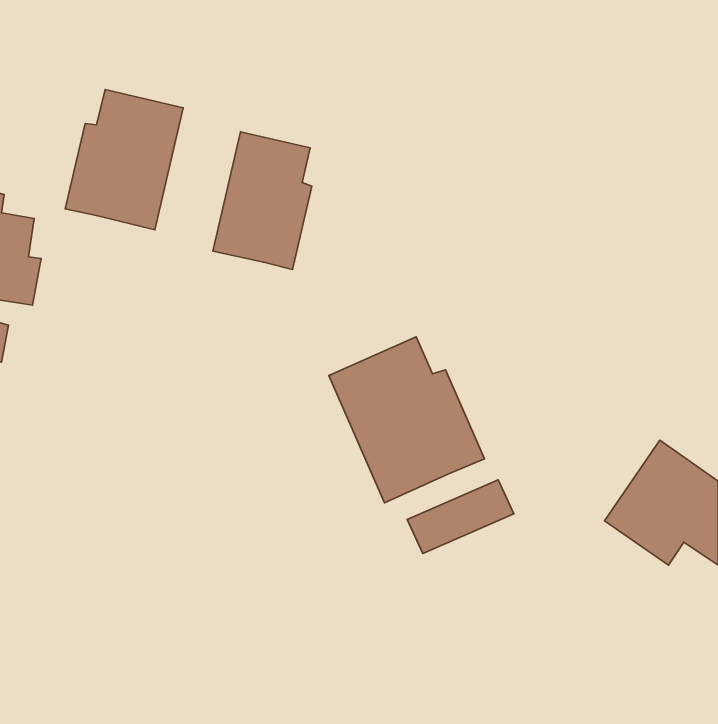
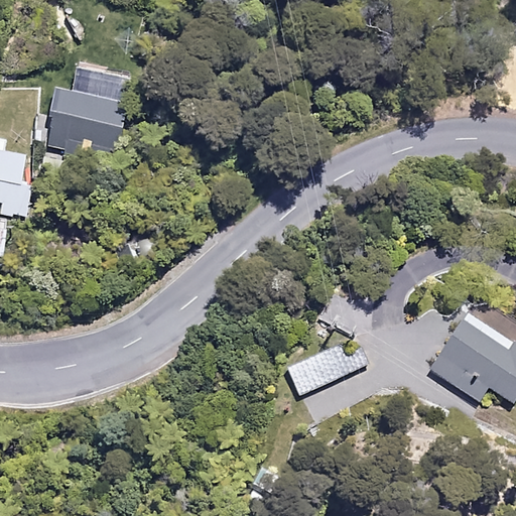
building: [213,132,312,269] -> none
building: [329,337,484,503] -> none

